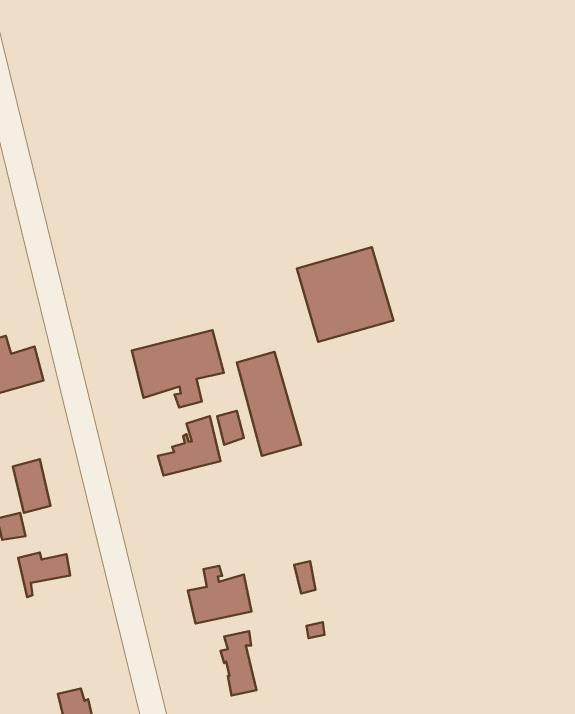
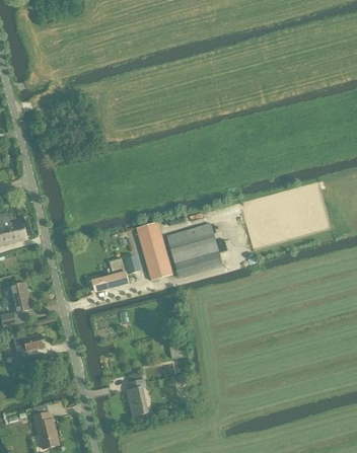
building: [297,247,393,342] -> [166,223,221,277]
building: [132,330,224,407] -> none
building: [188,566,252,623] -> none

